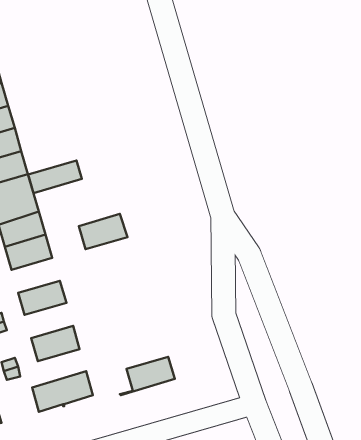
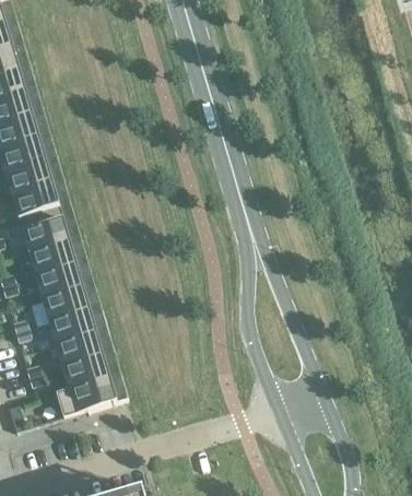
building: [28,160,82,193] -> none
building: [79,214,127,249] -> [35,263,83,298]
building: none -> [48,308,96,343]
building: [120,357,175,395] -> [55,354,109,392]

